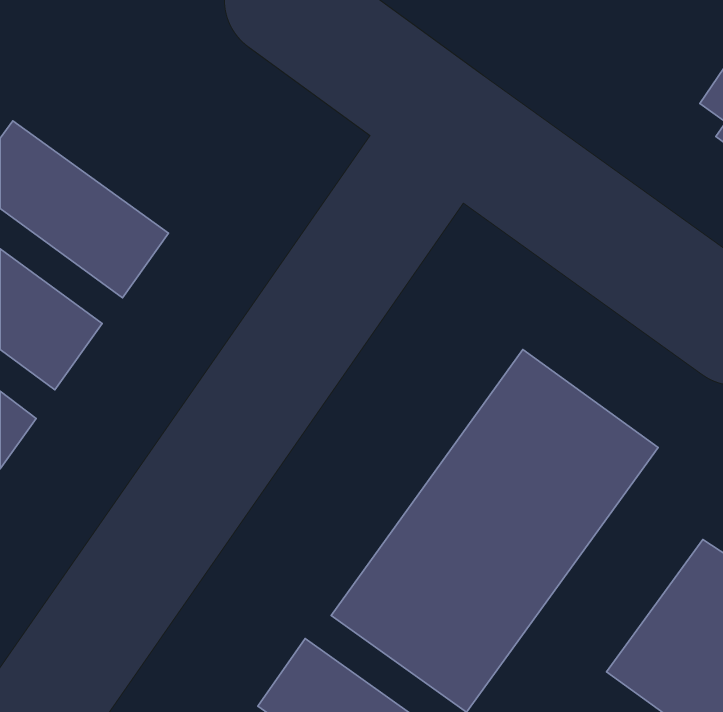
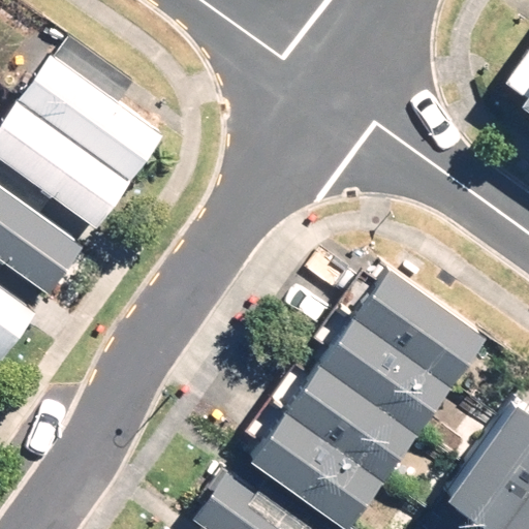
building: none -> [19,45,163,184]

